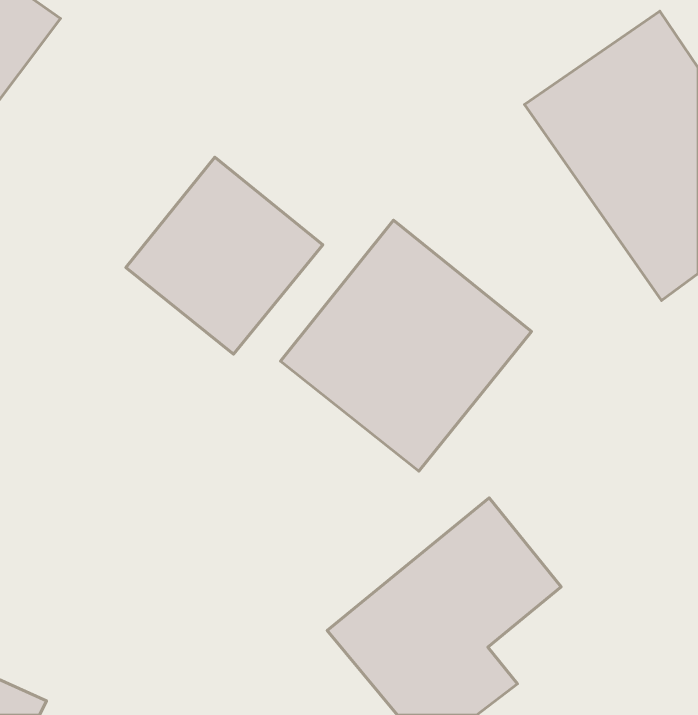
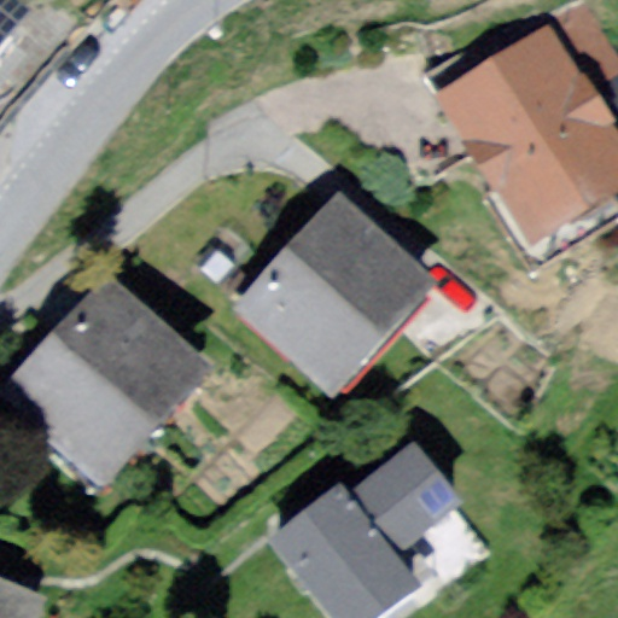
building: [126,157,323,354] -> none
building: none -> [10,275,231,494]

